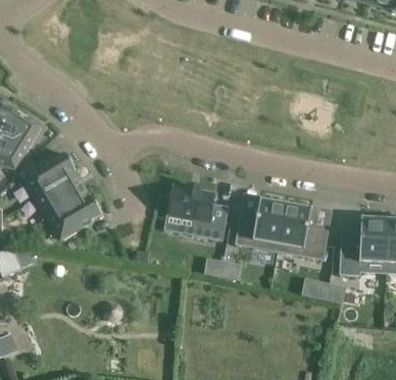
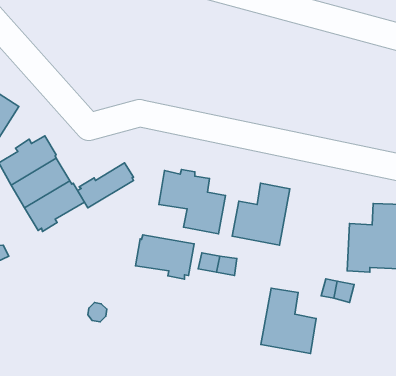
building: none -> [78,163,134,208]
building: [278,201,328,260] -> [261,288,316,353]
building: none -> [136,235,194,279]

